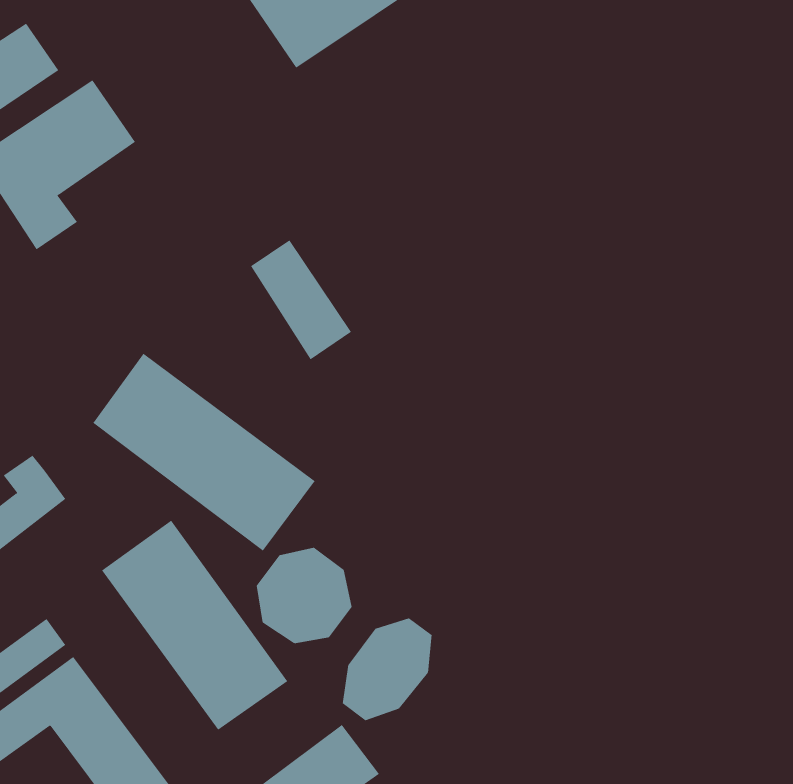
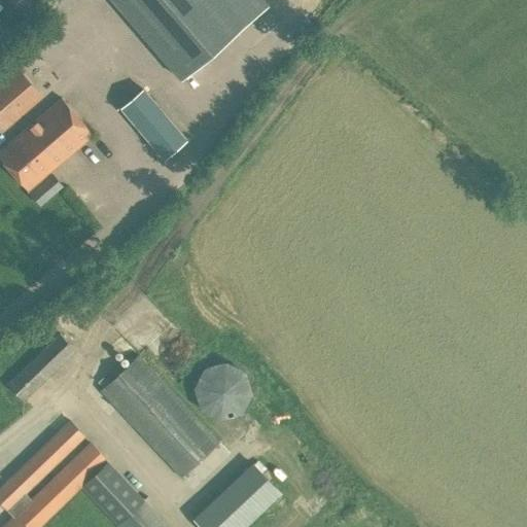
building: [250,239,352,360] -> [121,91,186,161]
building: [93,353,315,551] -> none
building: [342,618,432,721] -> none

